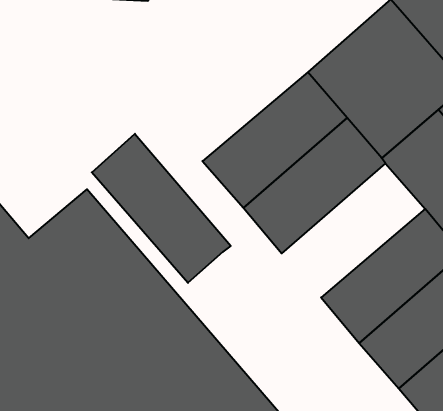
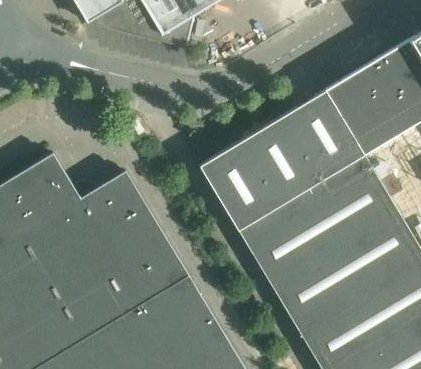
building: [92,134,231,283] -> none
building: none -> [251,186,355,271]

